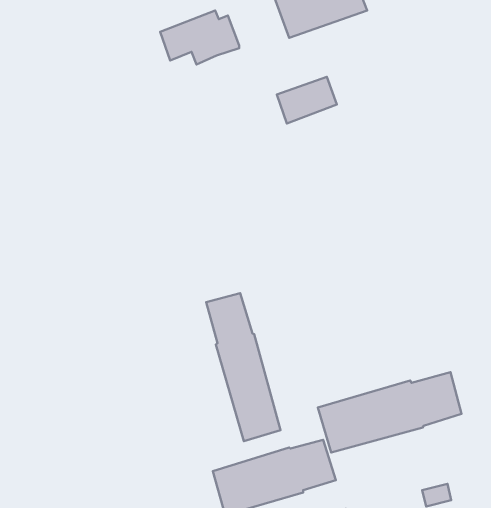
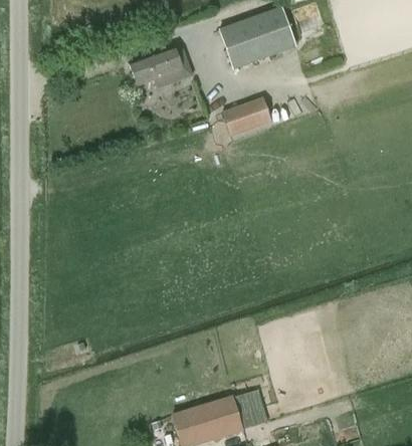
building: [206,293,281,441] -> none
building: [318,372,462,453] -> none

